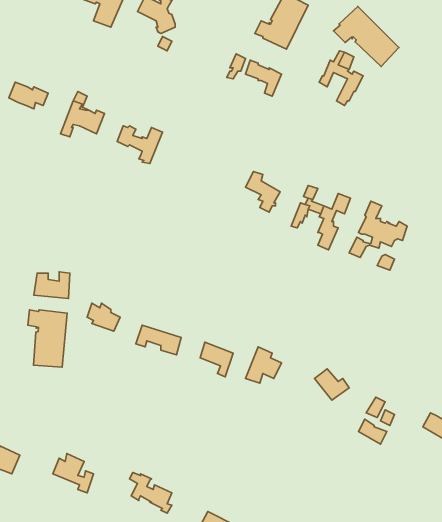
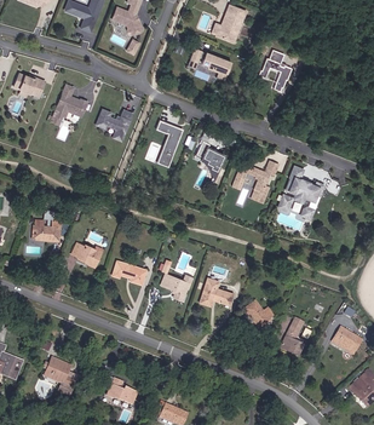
building: [333,6,399,67] -> none
building: none -> [156,121,183,163]
building: [28,310,67,367] -> none

